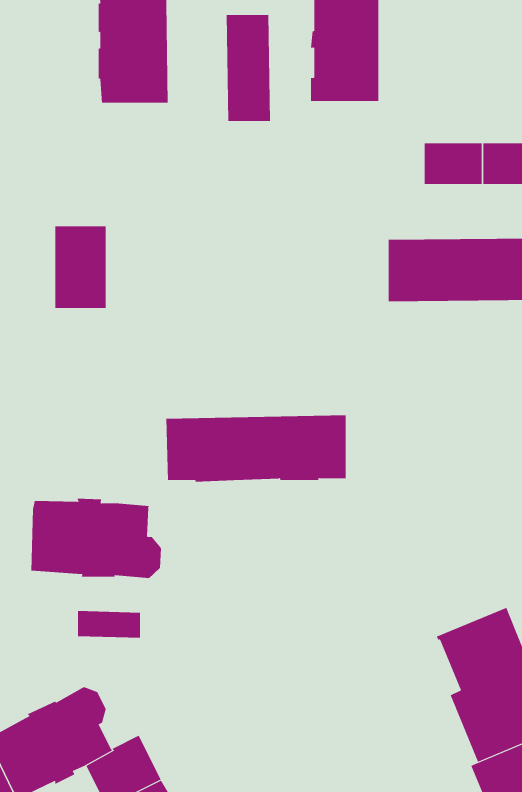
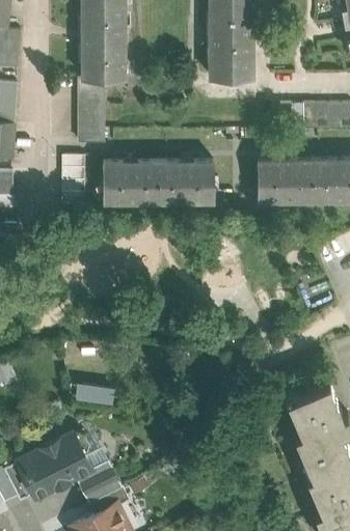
building: [226,14,271,121] -> [80,79,107,143]
building: [165,415,347,482] -> [105,162,214,202]
building: [31,498,161,579] -> none

